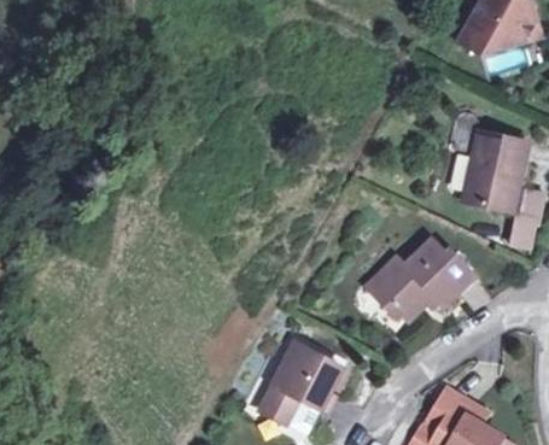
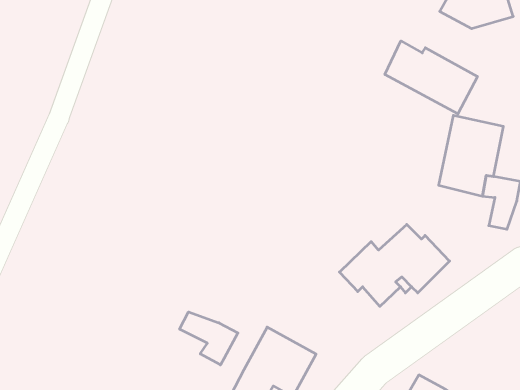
building: none -> [385,41,477,114]
building: none -> [180,312,238,365]

